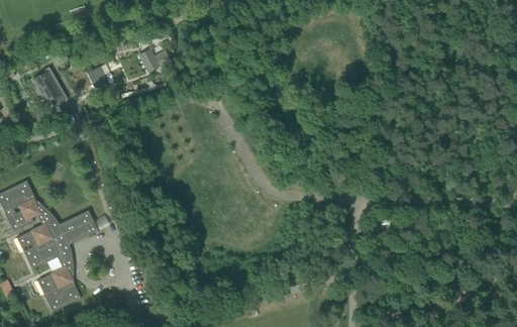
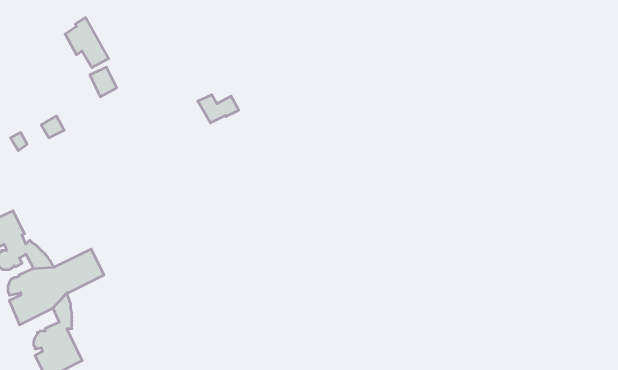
building: [138,49,171,72] -> [198,95,239,123]
building: [32,67,67,106] -> [65,18,109,68]

